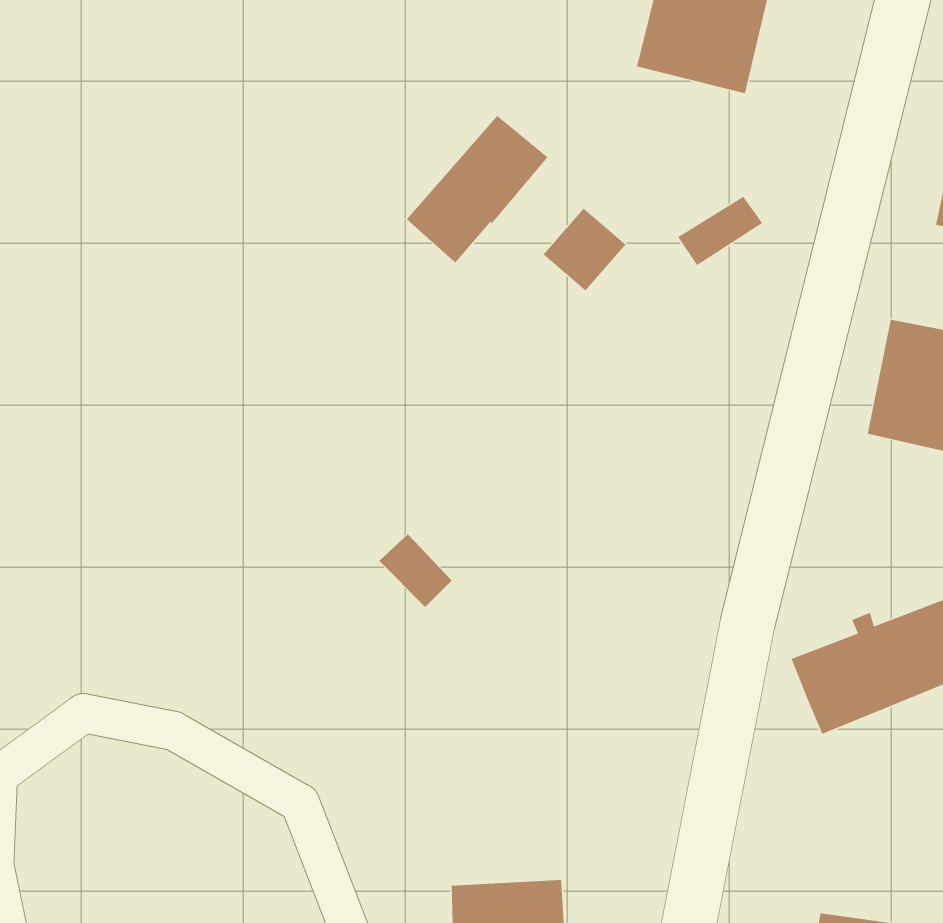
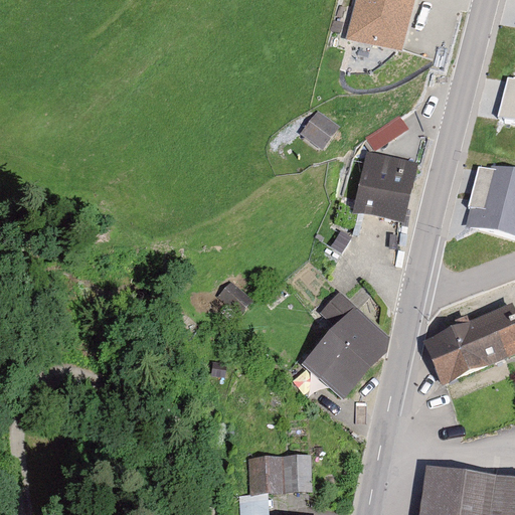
building: [406,115,548,263] -> none
building: none -> [355,153,416,222]
building: none -> [306,295,387,393]

